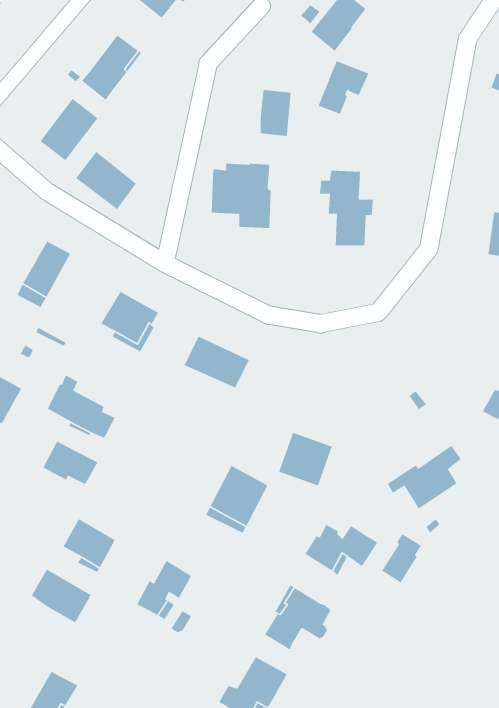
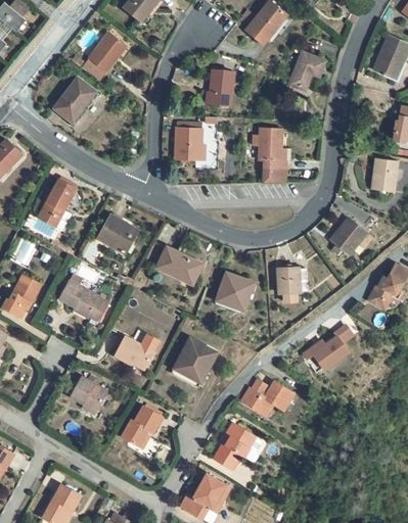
building: [317,60,369,115] -> [288,52,325,91]
building: [75,151,137,210] -> none
building: none -> [329,218,366,254]
building: none -> [276,268,306,300]
building: [278,432,333,486] -> [215,272,254,311]
building: [42,440,99,485] -> [114,336,153,368]
building: [381,533,422,583] -> none
building: [31,568,92,623] -> none

